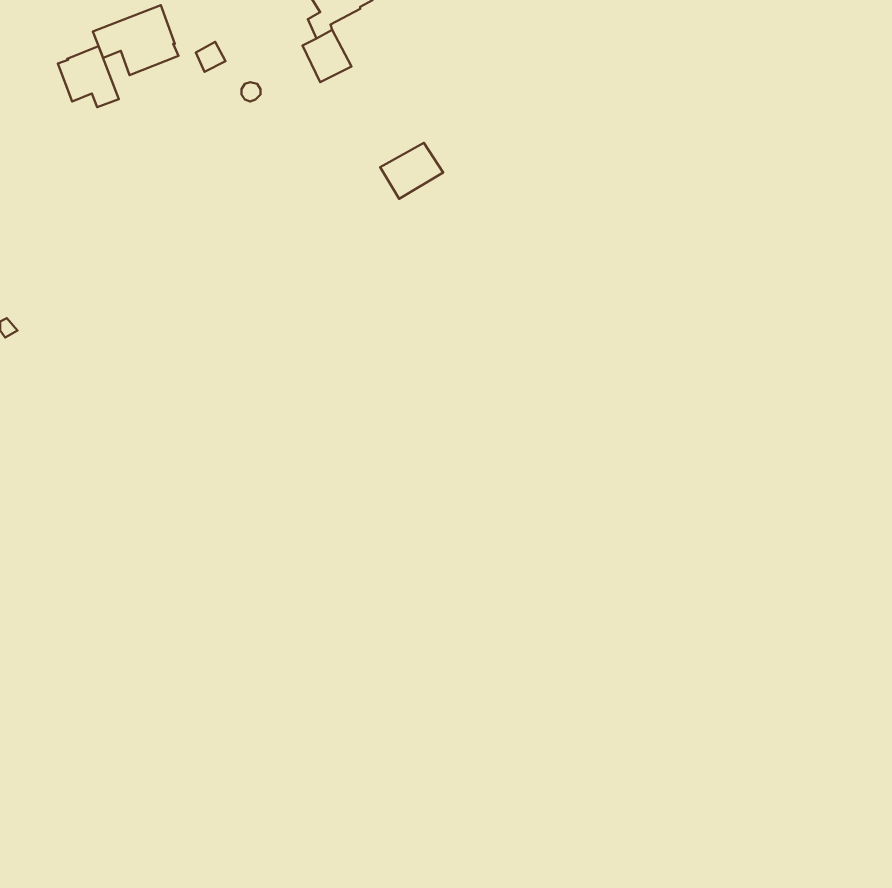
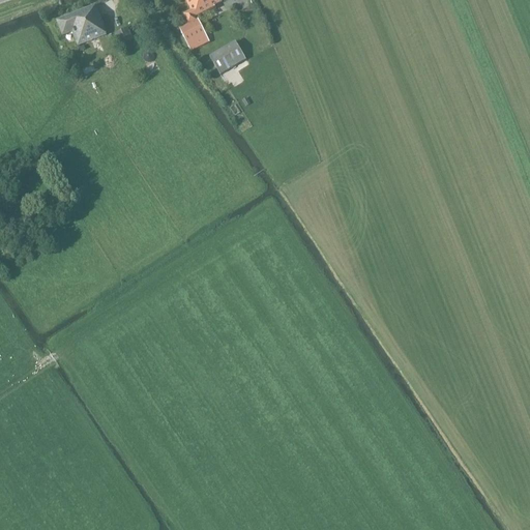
building: [58,46,119,107] -> none
building: [380,143,443,199] -> [210,39,247,72]

